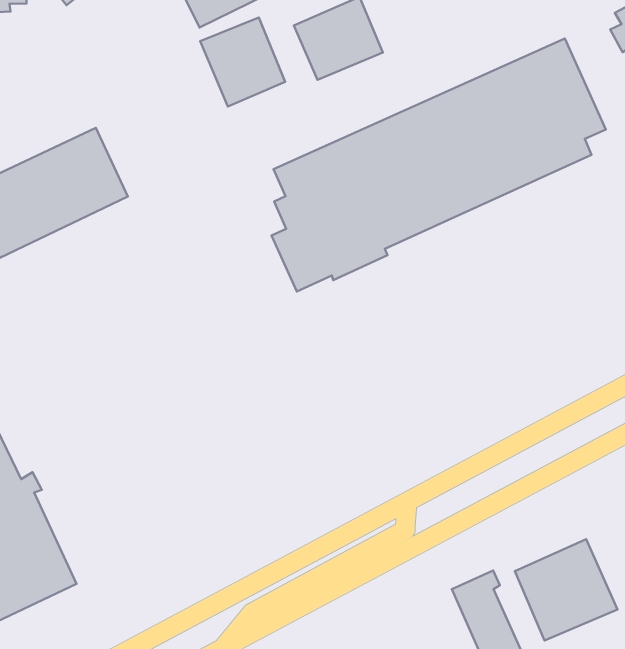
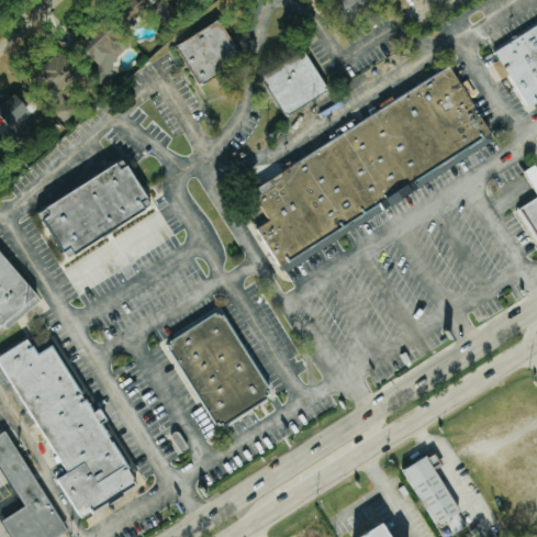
building: [200,17,285,106] -> none
building: none -> [167,309,271,426]
building: [515,539,617,641] -> none

